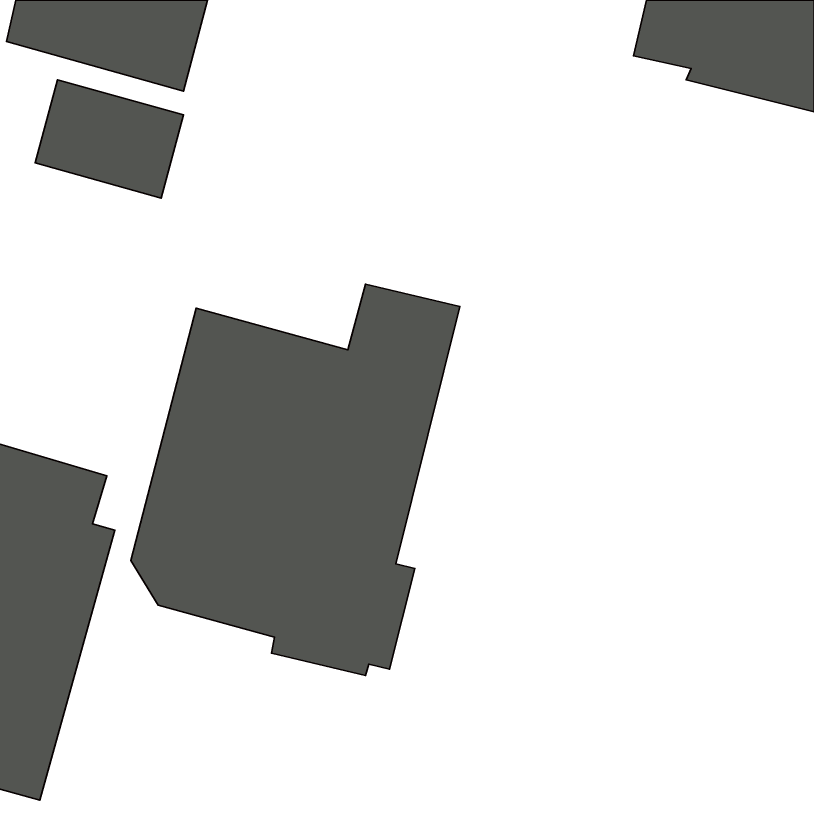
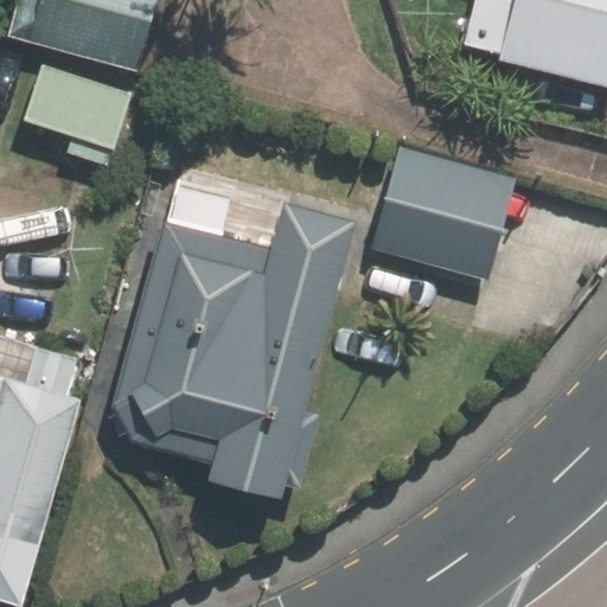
building: none -> [423,174,538,280]

